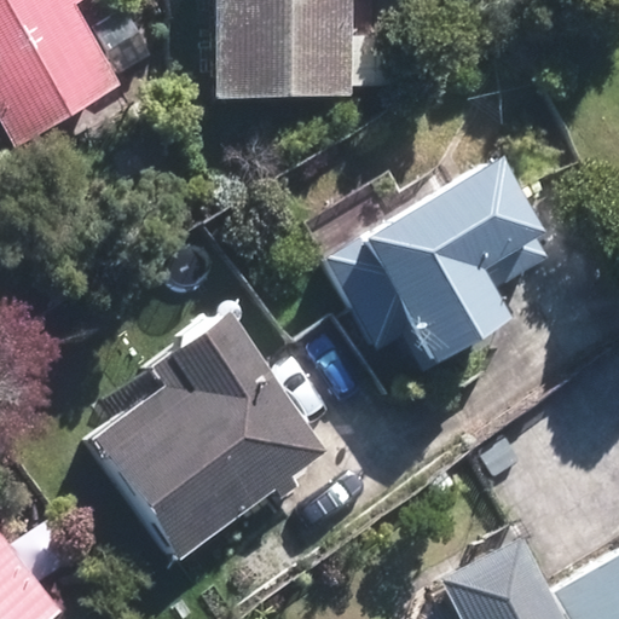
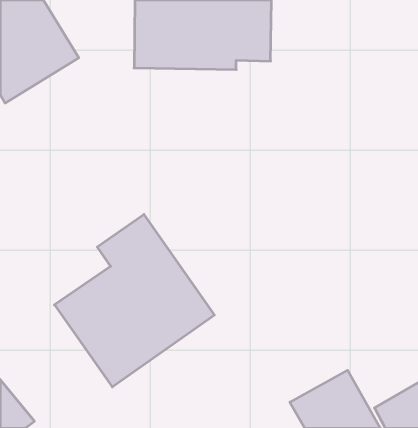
building: [325,152,545,358] -> none

